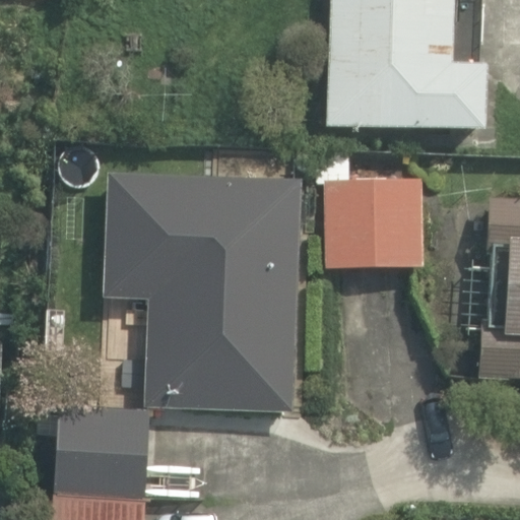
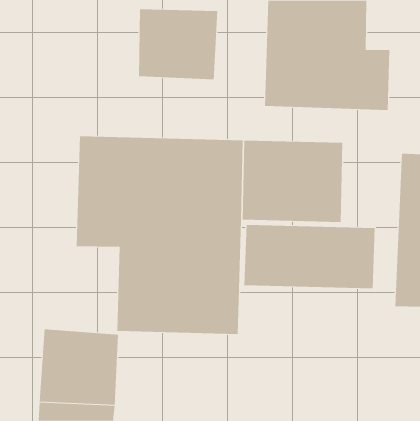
building: none -> [139,8,218,80]
building: none -> [244,224,375,289]

